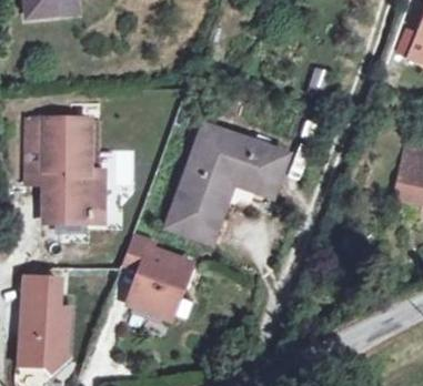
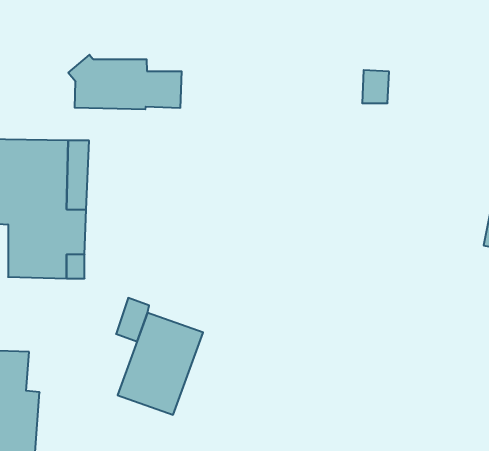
building: none -> [68,55,182,109]
building: [167,125,288,240] -> none

